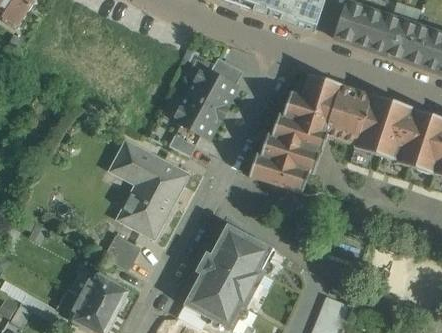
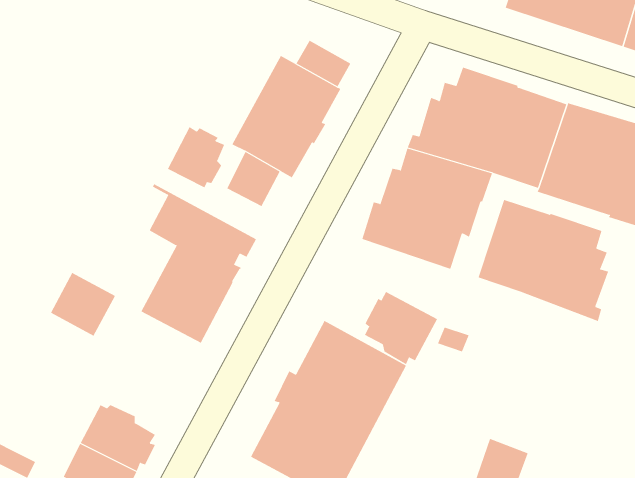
building: none -> [167,126,225,188]
building: none -> [478,199,609,322]
building: none -> [364,291,438,365]
building: [103,233,142,271] -> [50,272,116,336]

